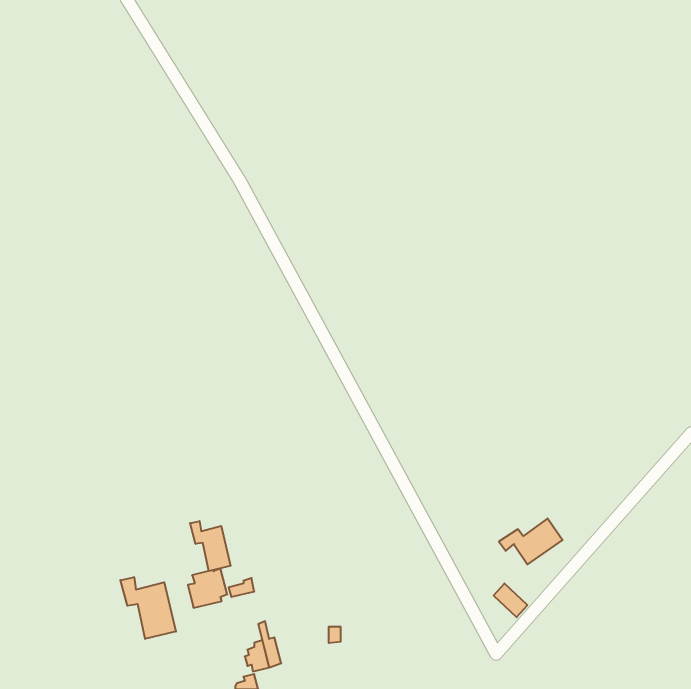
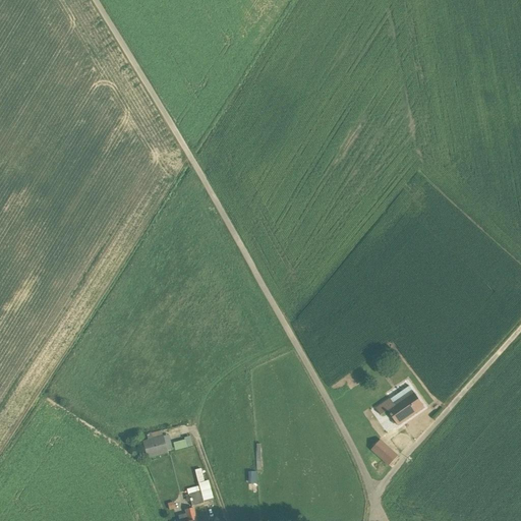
building: [190,521,230,571] -> none
building: [120,577,176,639] -> none

